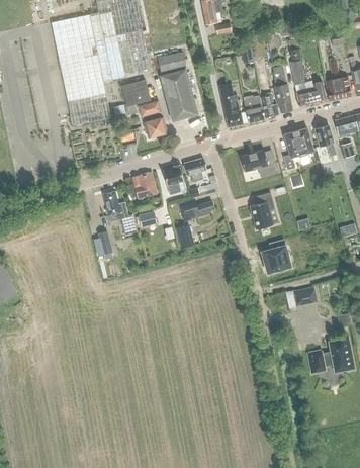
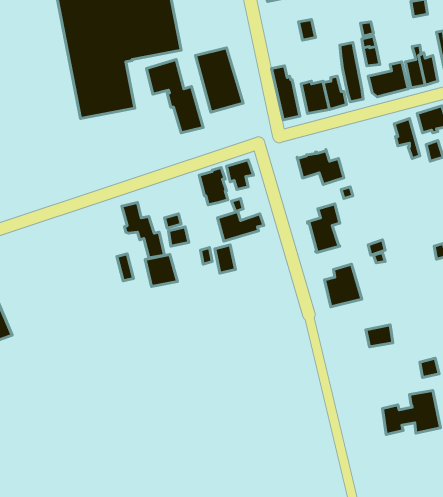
building: [157,52,184,73] -> none
building: [283,128,313,170] -> none
building: [131,173,157,198] -> [145,254,177,287]

